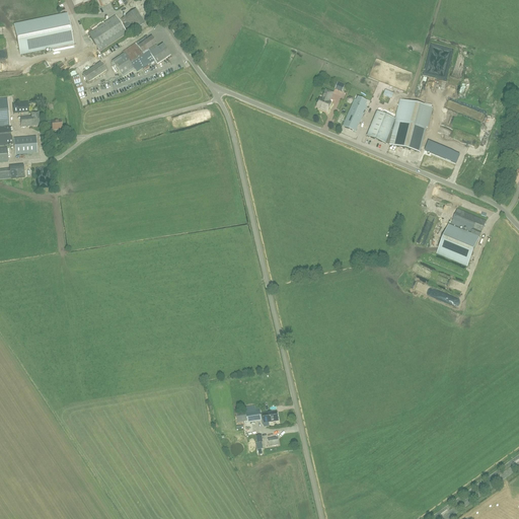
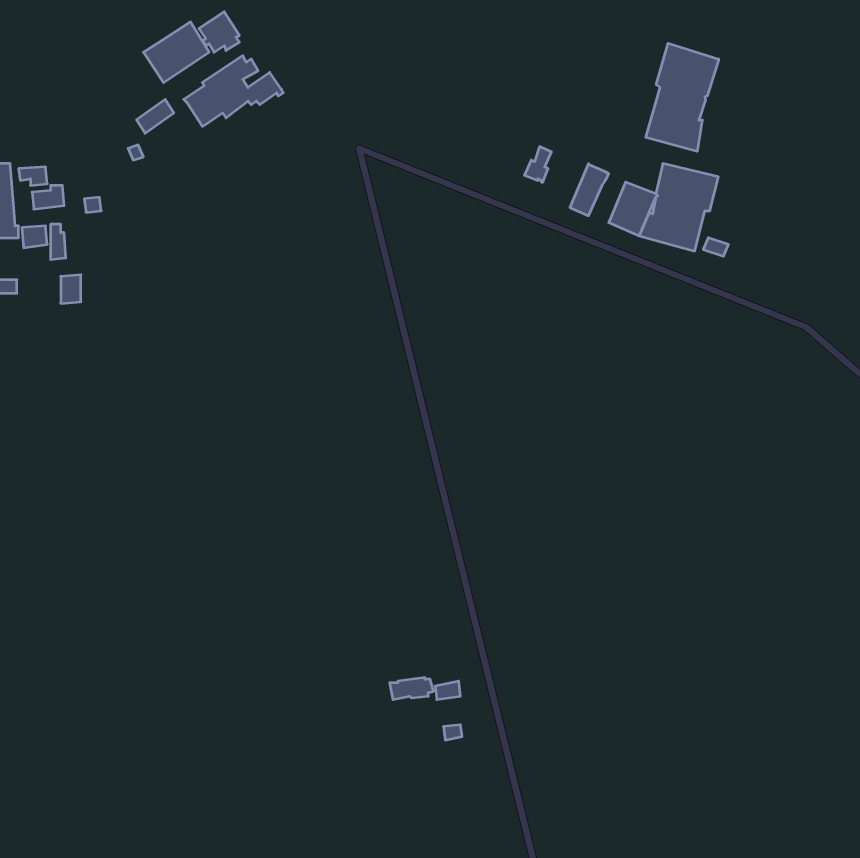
building: [13,13,72,53] -> none
building: none -> [646,43,719,151]
building: [436,208,485,264] -> none

